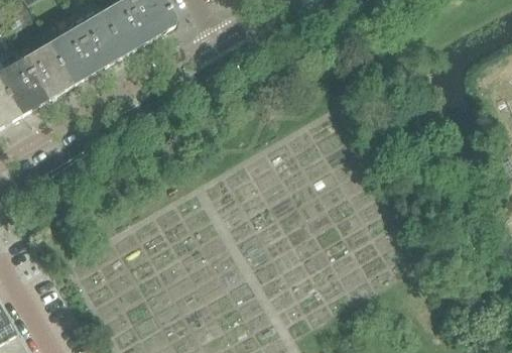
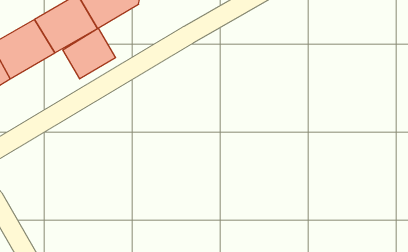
building: none -> [63,28,116,79]

